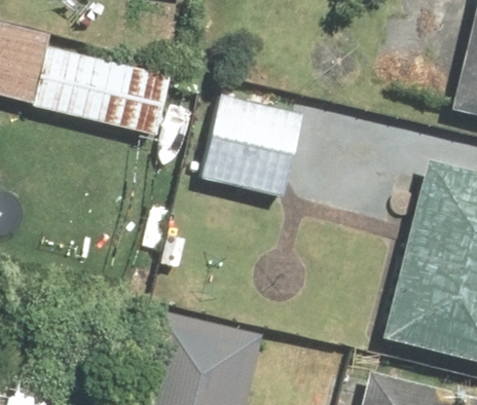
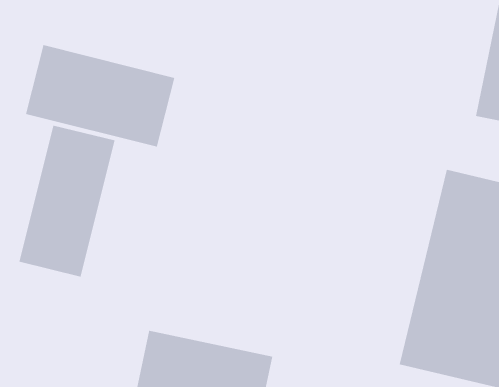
building: [198,91,305,199] -> none
building: none -> [19,125,115,277]

